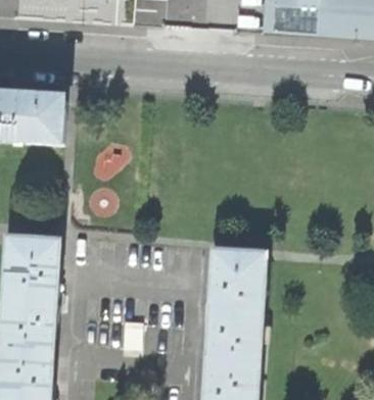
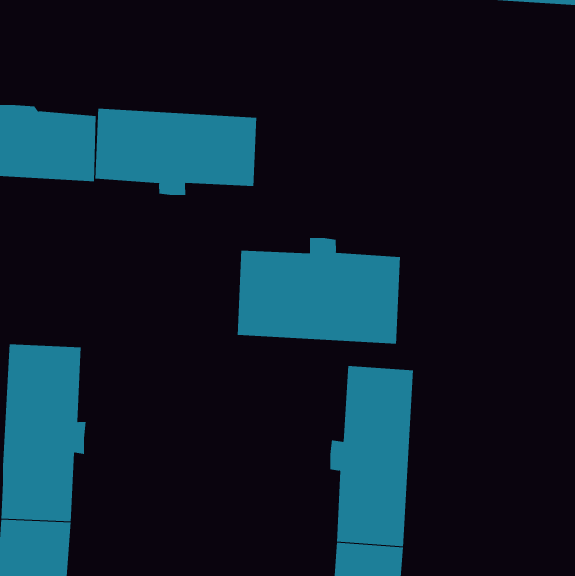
building: none -> [95,108,257,196]
building: none -> [237,237,400,345]

